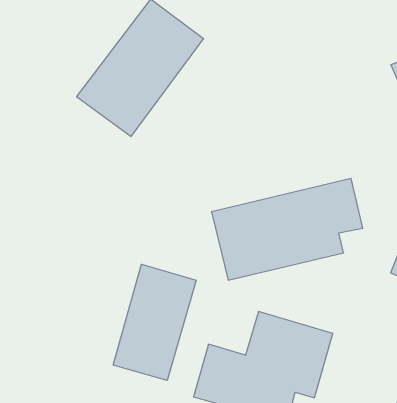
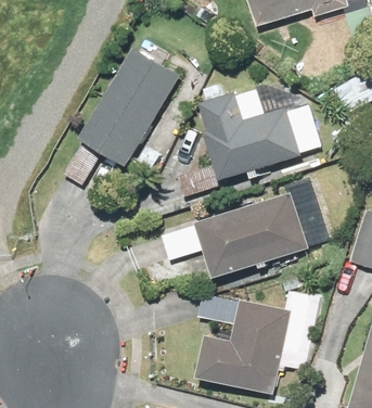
building: none -> [198,86,302,179]
building: [113,264,196,380] -> none

